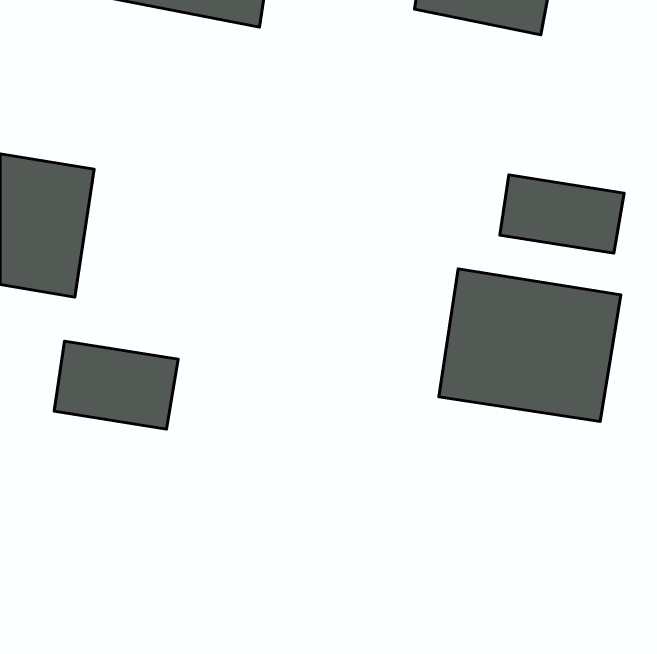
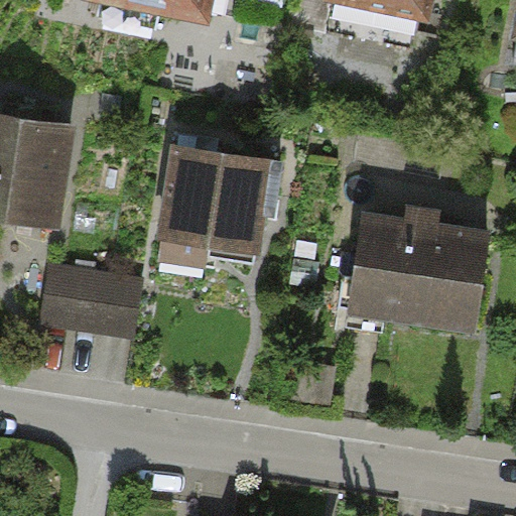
building: [500,175,624,253] -> none
building: none -> [155,149,271,262]

